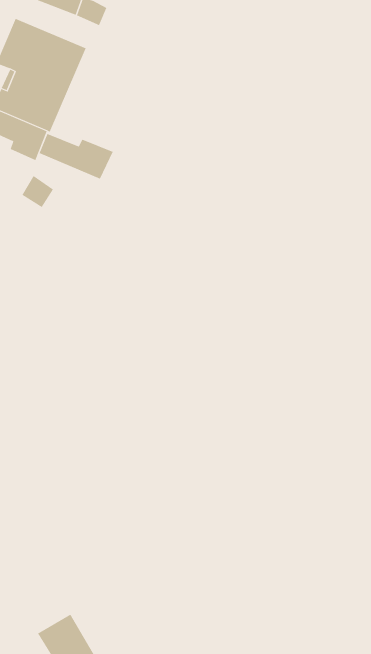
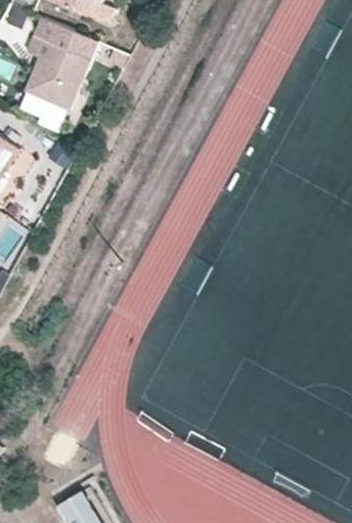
building: [39,133,113,180] -> none

